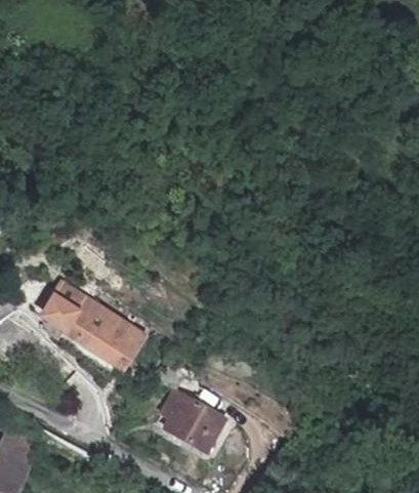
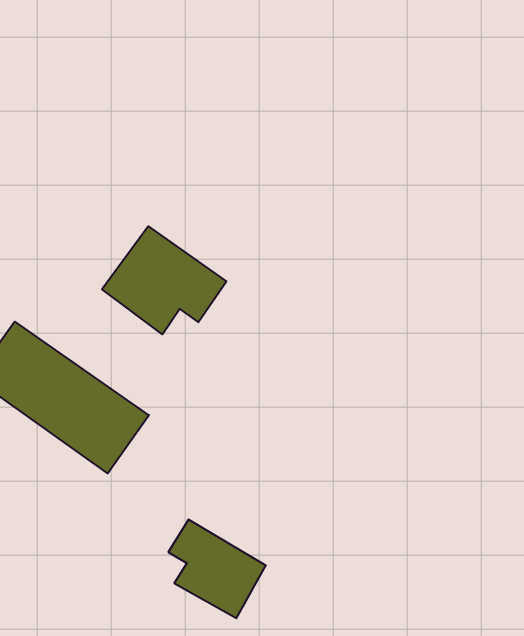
building: none -> [102,226,226,334]

